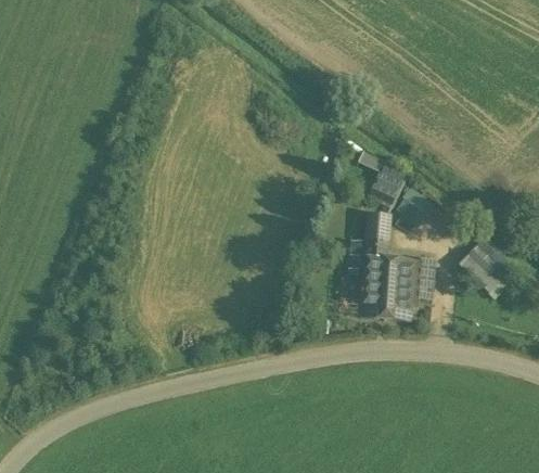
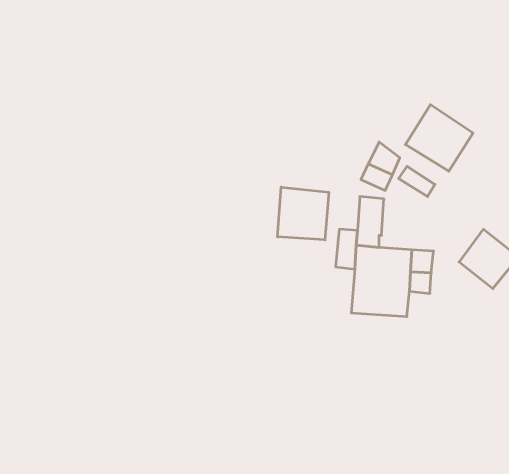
building: none -> [405,105,473,171]
building: none -> [278,187,329,240]

